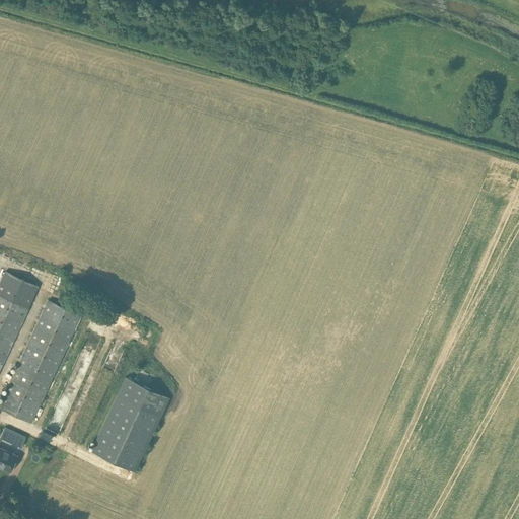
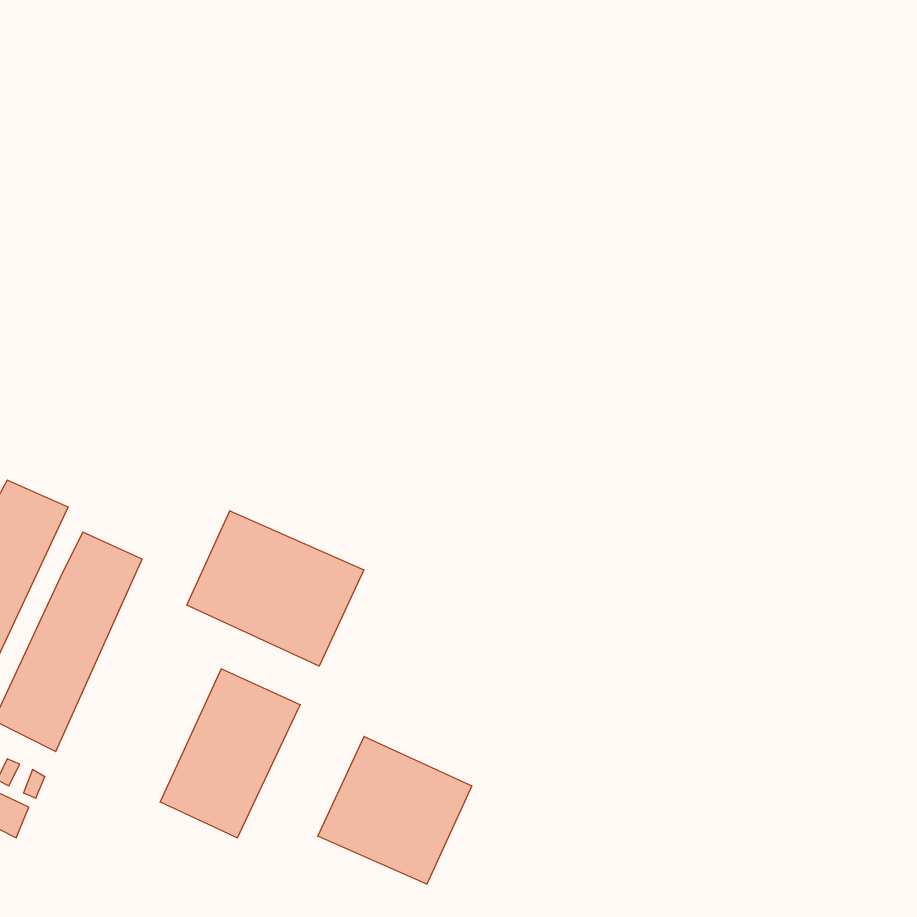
building: none -> [187,511,364,666]
building: none -> [318,736,472,884]

